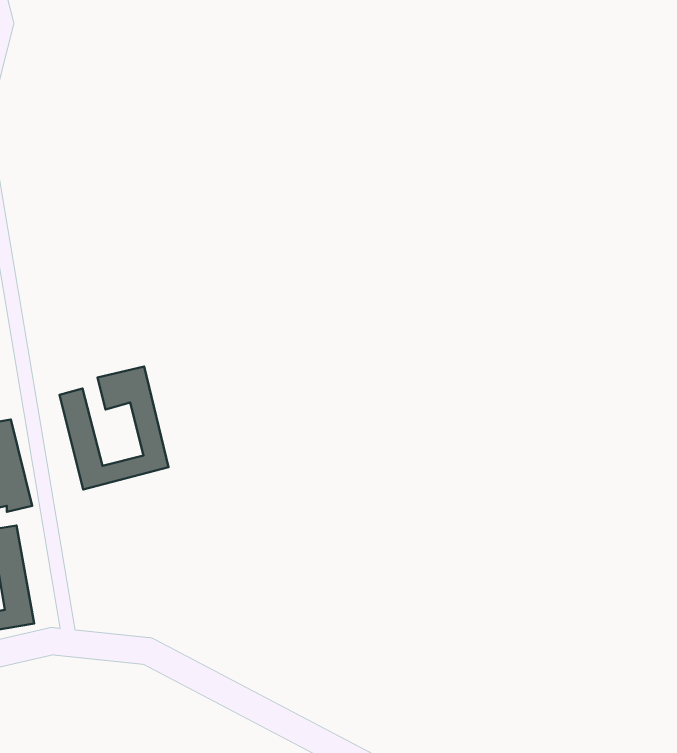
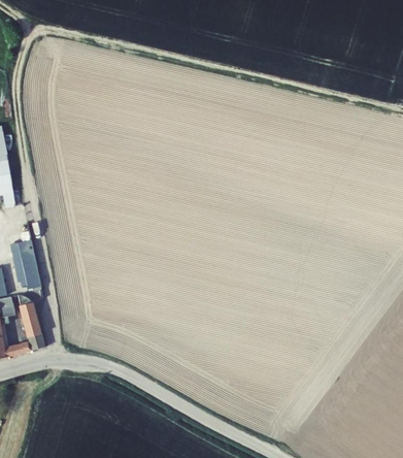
building: [60,366,168,490] -> none

